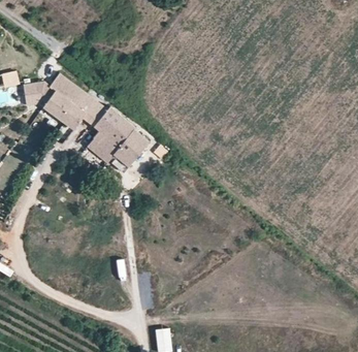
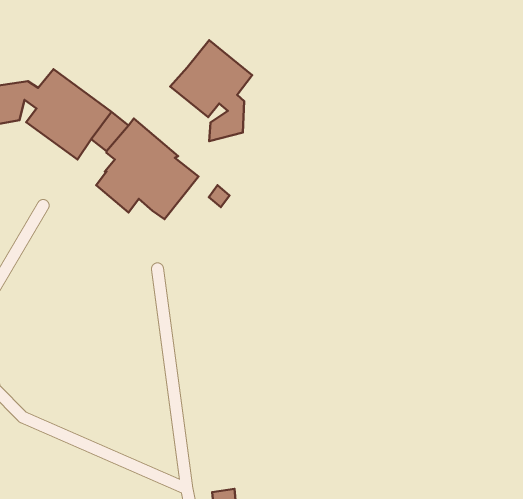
building: none -> [170,40,252,141]

